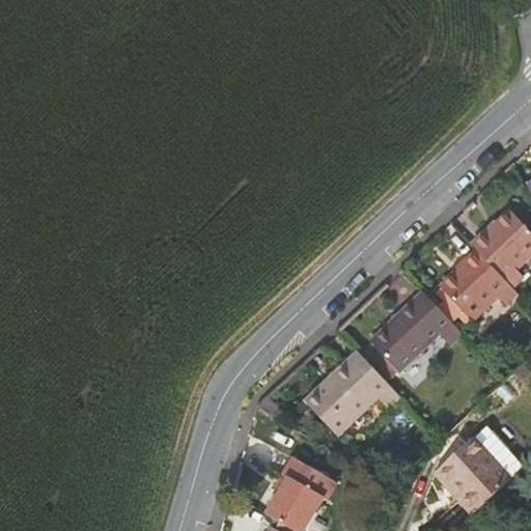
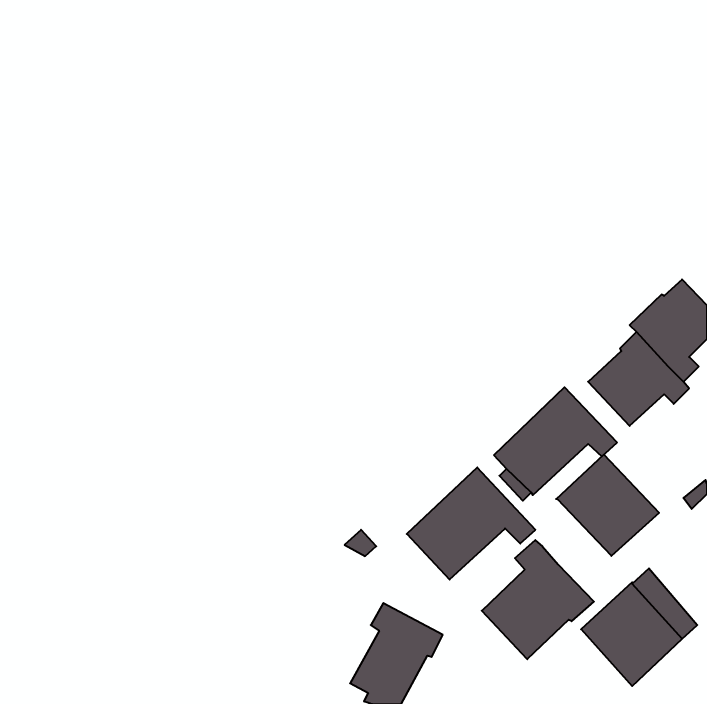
building: none -> [556,455,659,556]
building: none -> [482,540,594,659]

